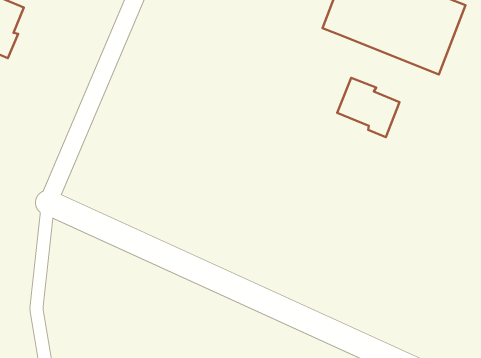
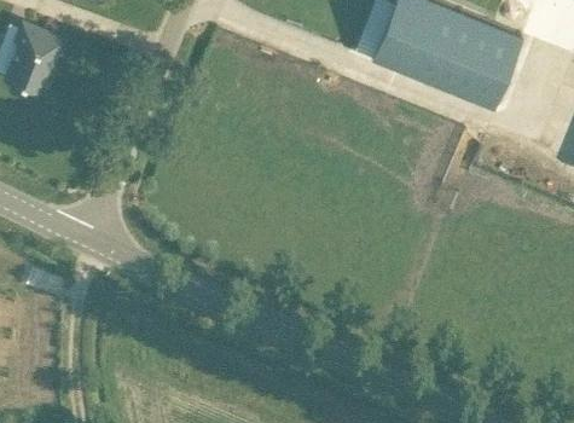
building: [337,78,400,137] -> none

